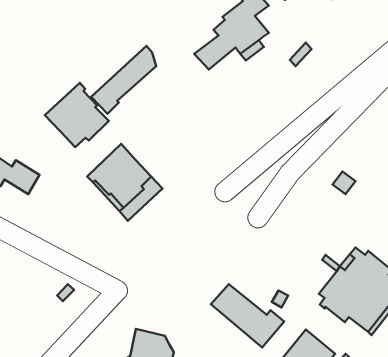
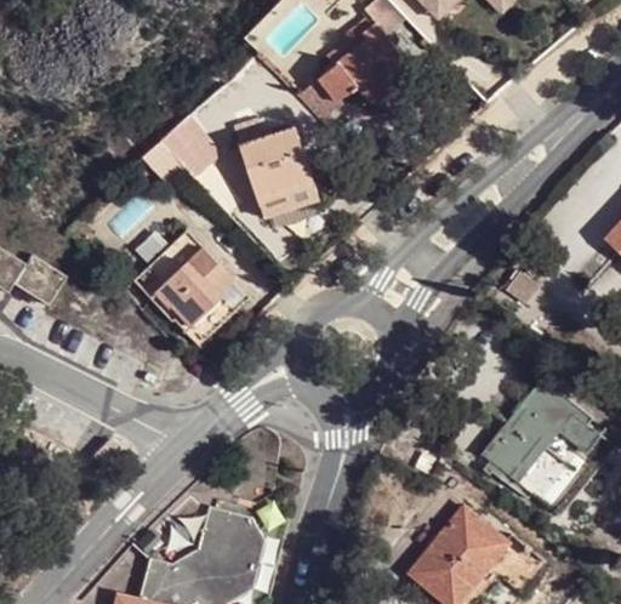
building: none -> [232,119,317,217]
building: [45,83,109,147] -> none
building: [211,284,284,348] -> none

